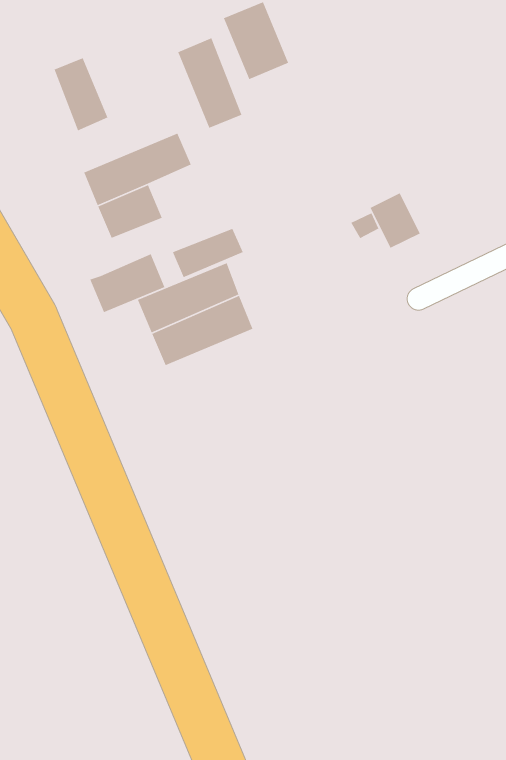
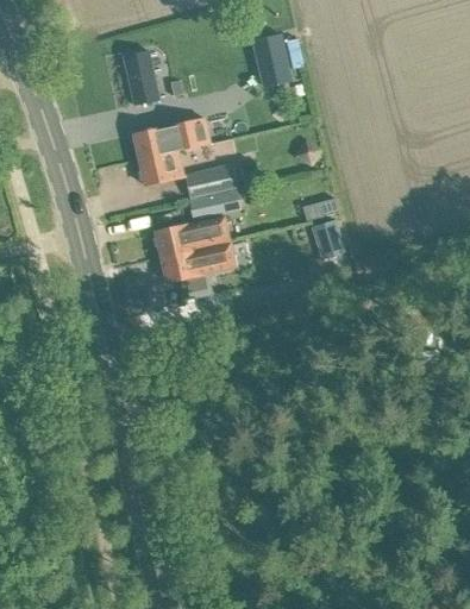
building: [177,37,242,129] -> none
building: [369,192,421,249] -> [308,221,341,260]
building: [89,253,166,313] -> [184,163,238,200]

